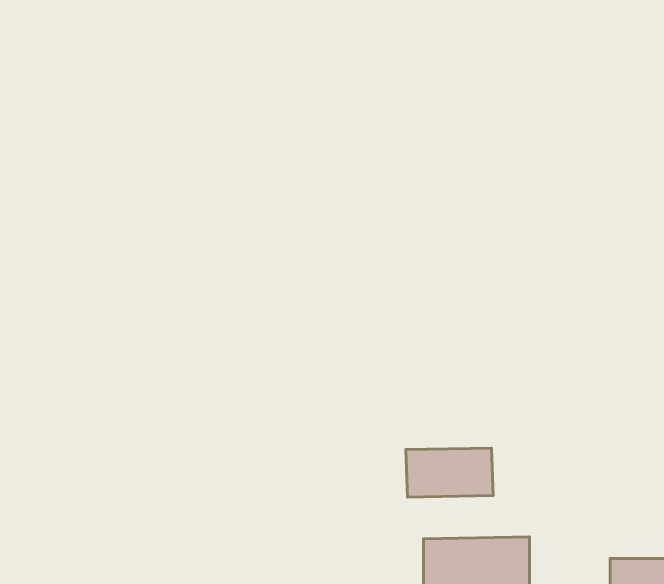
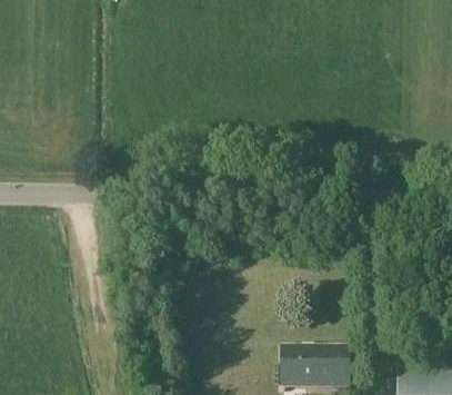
building: [406,448,493,497] -> none

